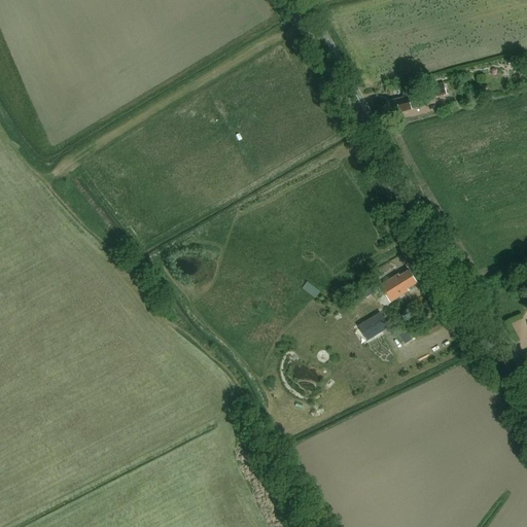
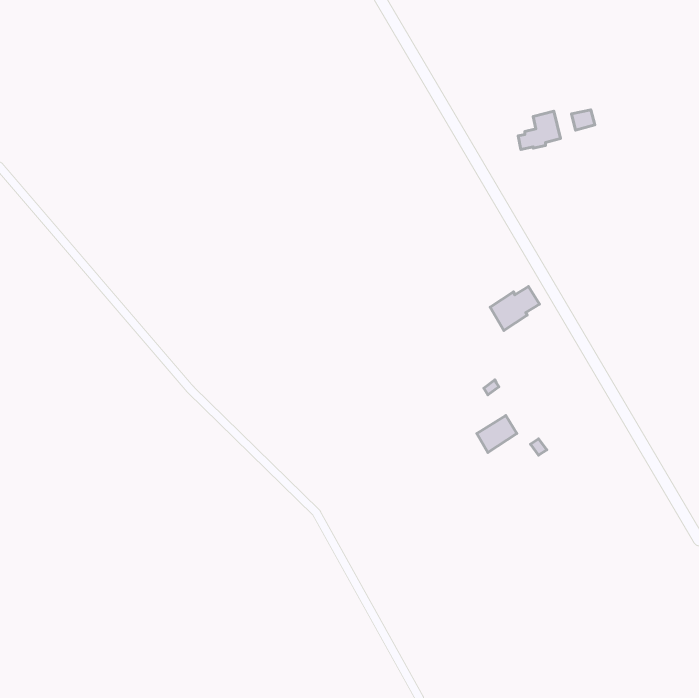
building: [380,269,417,302] -> [490,286,539,330]

